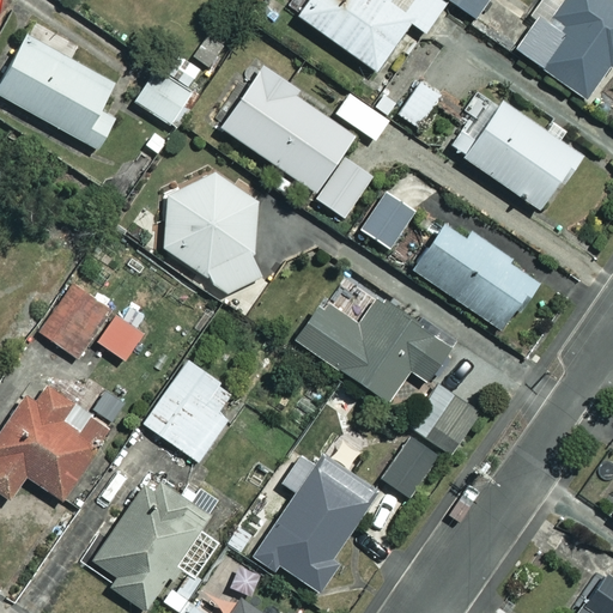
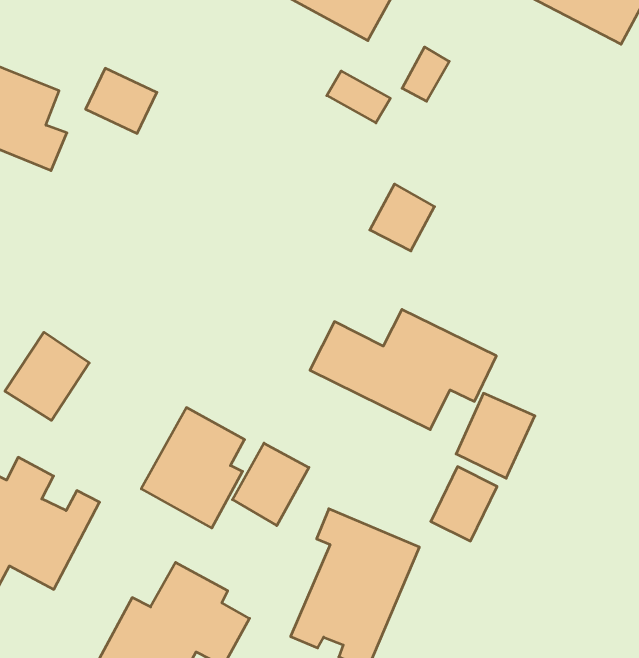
building: [220,67,372,213] -> none
building: [451,98,578,208] -> none
building: [165,172,260,292] -> none
building: [412,224,536,329] -> none
building: none -> [232,443,309,526]

